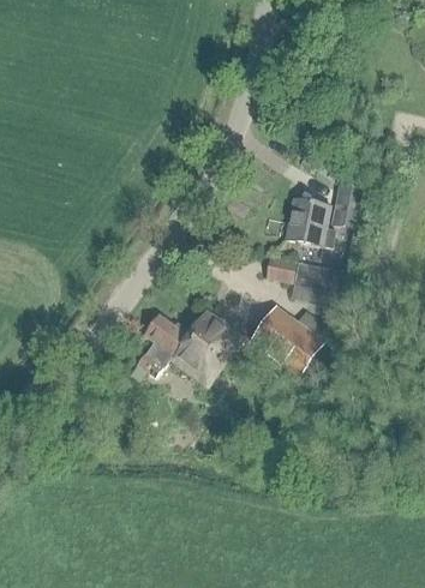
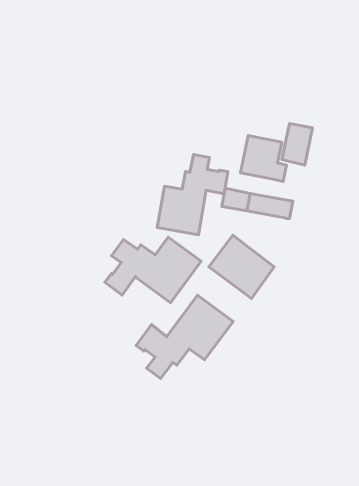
building: none -> [157,155,228,235]
building: none -> [136,295,233,379]

